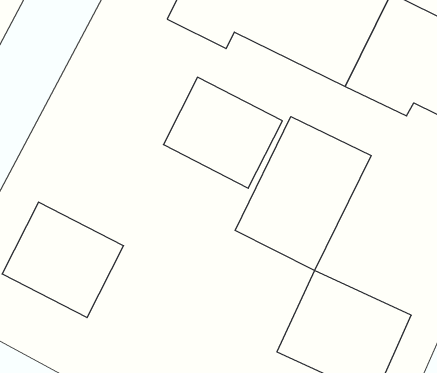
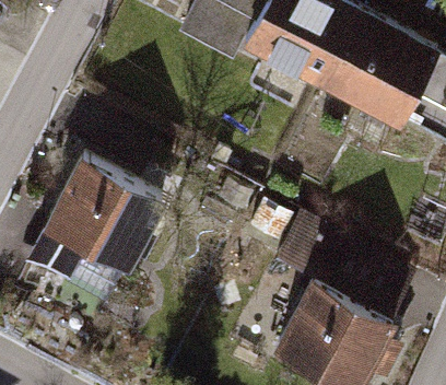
building: [163,77,282,188] -> [52,148,163,250]
building: [235,117,371,270] -> none

